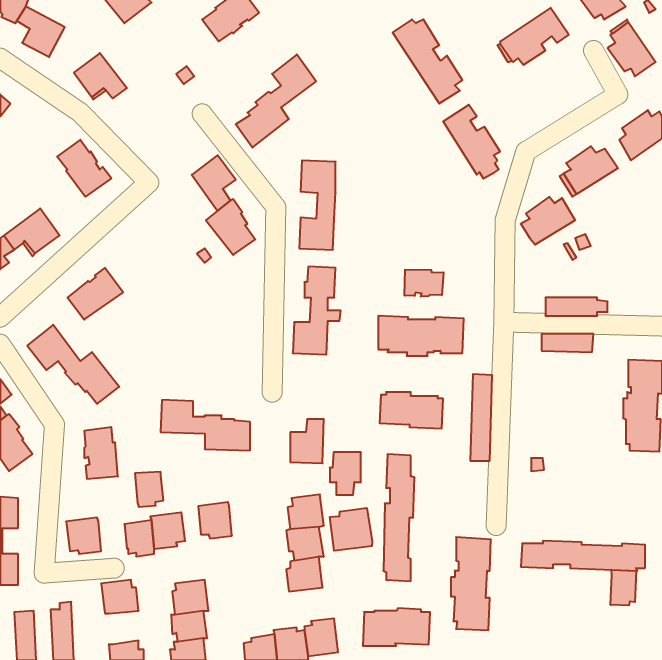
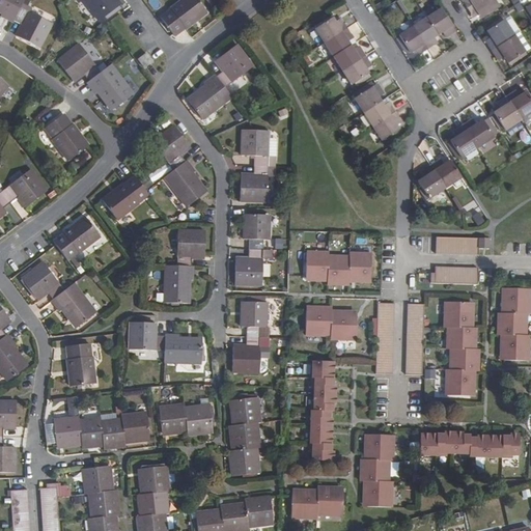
building: none -> [89,63,133,107]
building: none -> [102,175,147,217]
building: [405,270,444,297] -> none
building: none -> [165,229,204,300]
building: none -> [404,301,422,370]
building: none -> [445,301,475,393]
building: [330,452,361,495] -> [241,302,266,336]
building: [135,472,163,507] -> [79,417,102,445]
building: none -> [184,402,212,432]
building: [330,508,372,551] -> none
building: [610,570,636,605] -> none
building: none -> [87,488,117,516]

